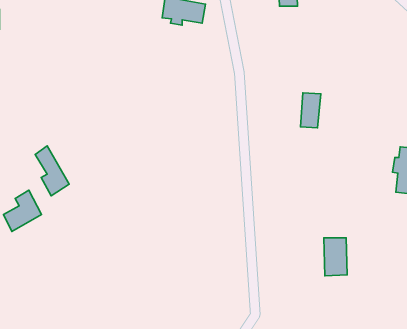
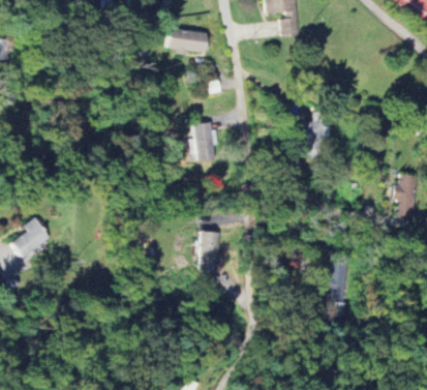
building: none -> [191,122,214,160]
building: [35,146,69,196] -> none
building: none -> [199,231,221,270]

